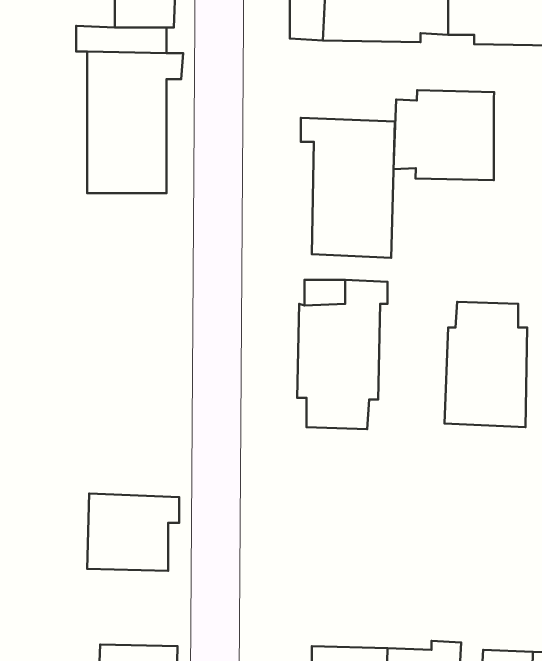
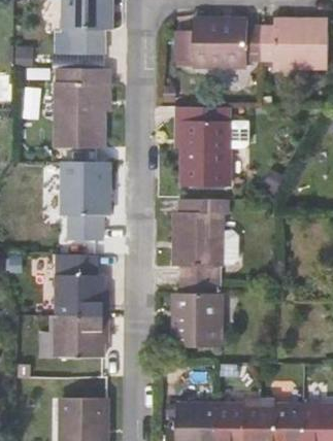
building: [394,90,494,180] -> none
building: none -> [64,164,110,242]
building: [444,302,527,427] -> [172,278,219,348]
building: none -> [58,262,108,317]

